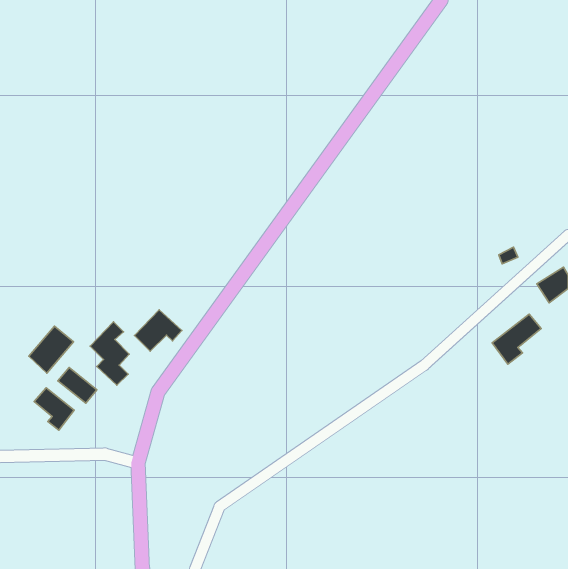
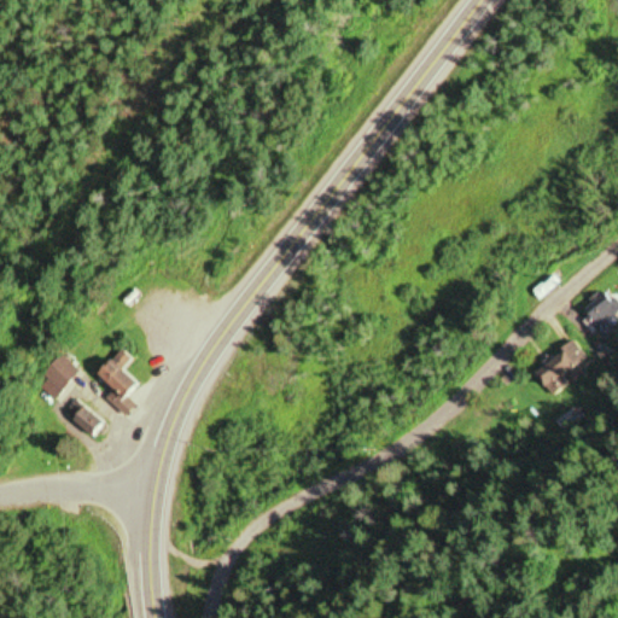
building: [134,310,182,351] -> none
building: [34,388,74,430] -> none

